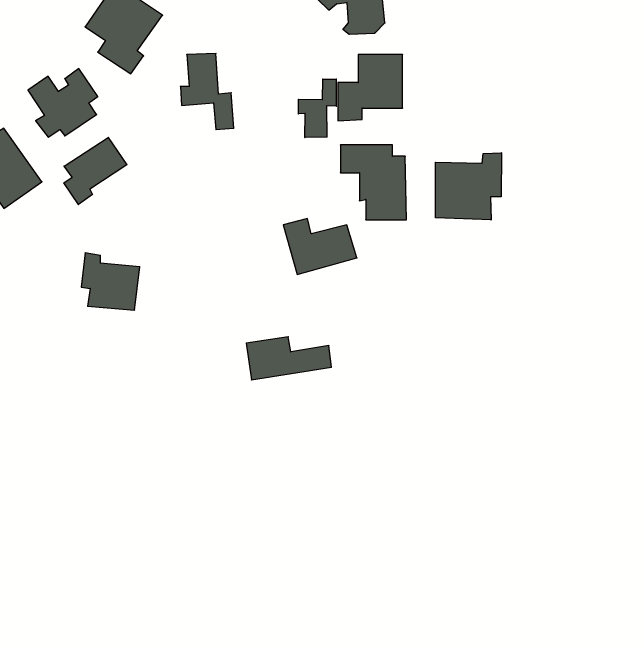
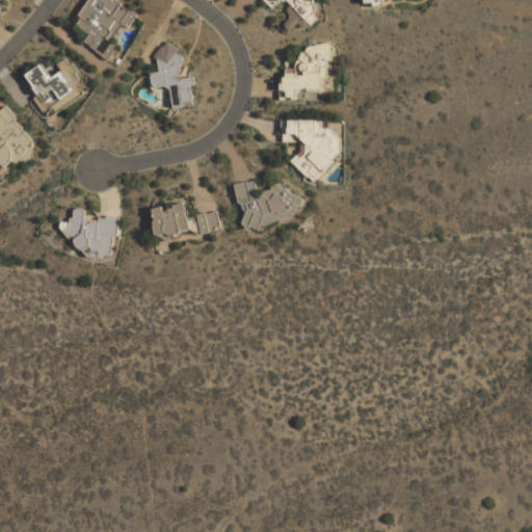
building: [298,79,336,138] -> none
building: [64,137,127,205] -> none
building: [436,153,501,220] -> none
building: [246,337,331,380] -> [149,203,218,238]

